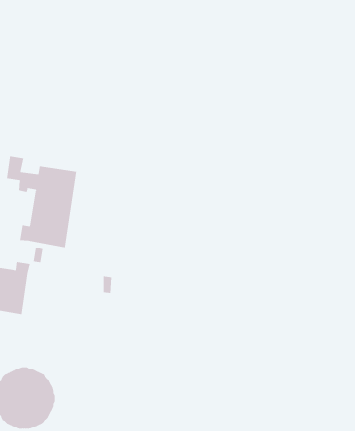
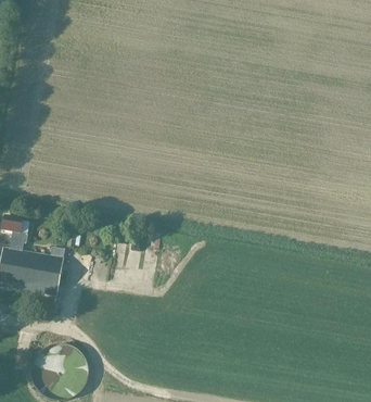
building: [6,155,77,248] -> none

